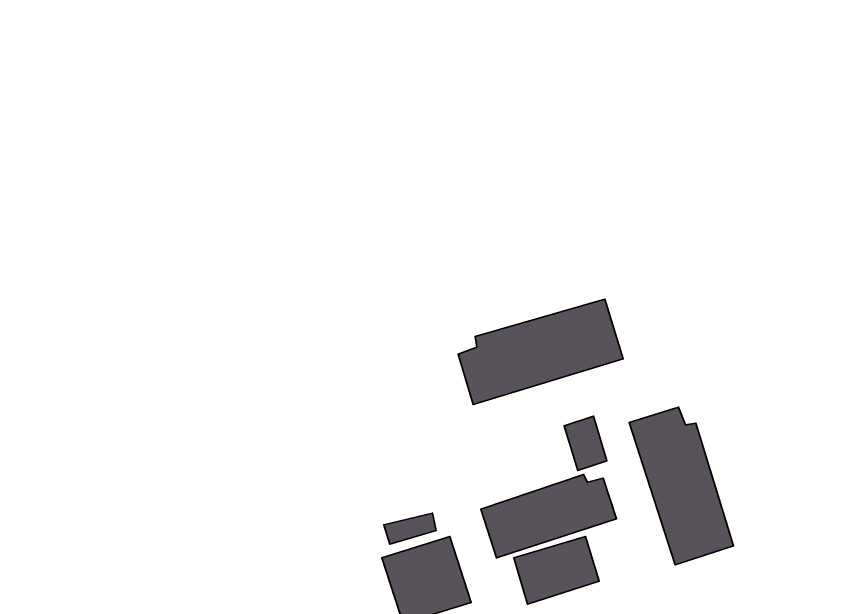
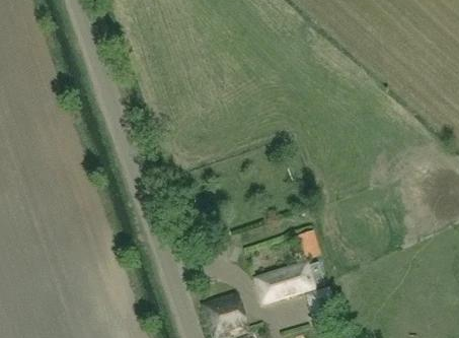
building: [458,299,623,405] -> none
building: [629,407,734,565] -> none

